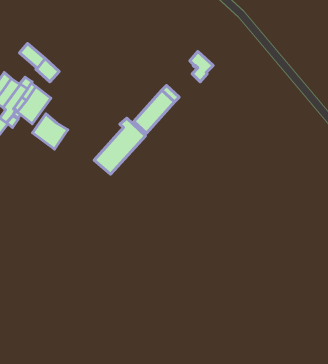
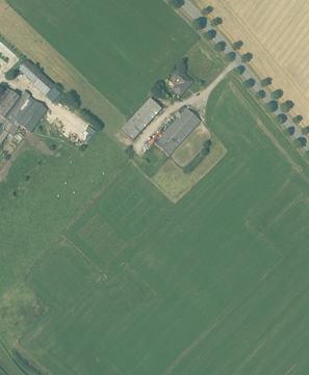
building: [32,114,68,149] -> none
building: [94,118,146,174] -> [154,105,200,155]

